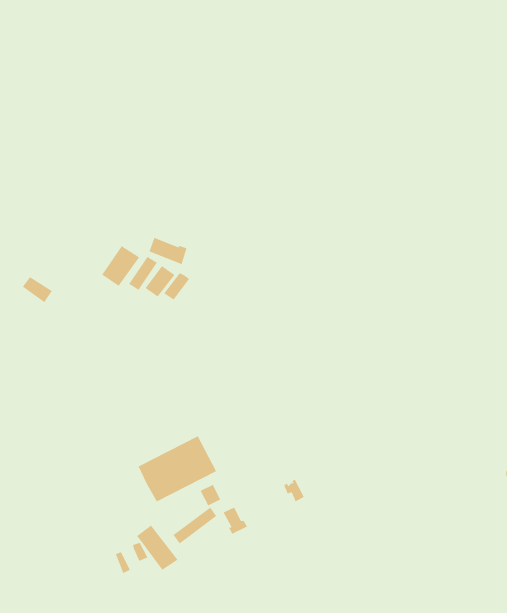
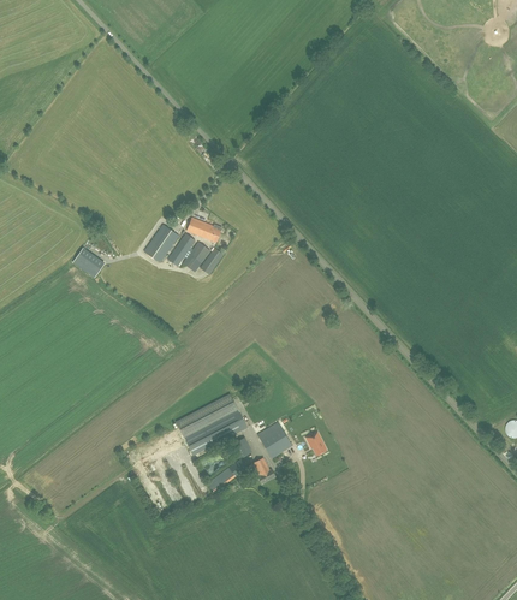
building: none -> [257,421,292,457]
building: [136,525,179,571] -> none

